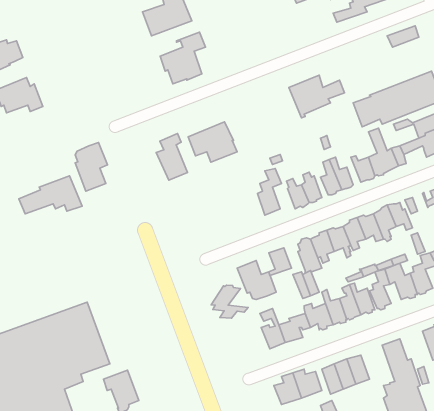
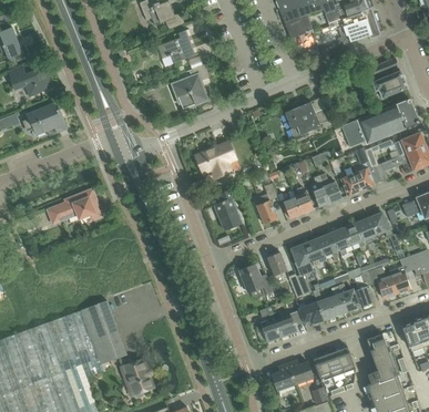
building: none -> [370,71,407,100]
building: [156,133,188,180] -> [213,189,241,230]
building: [75,143,107,191] -> none
building: [211,285,248,318] -> none

